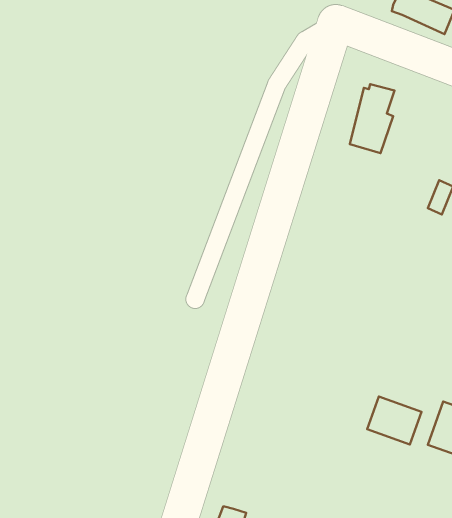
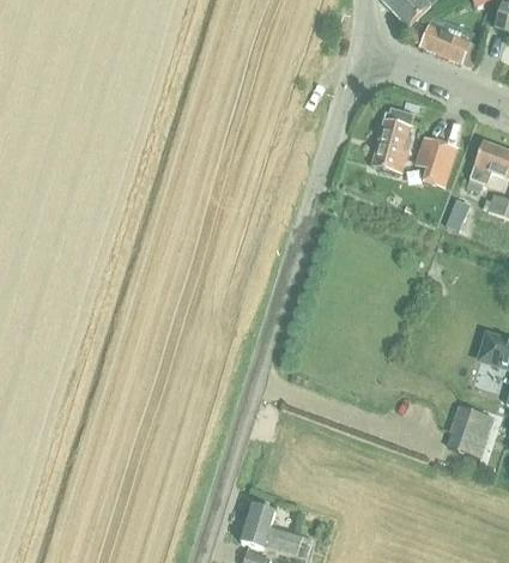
building: none -> [407,134,452,187]
building: [367,396,422,444] -> none

